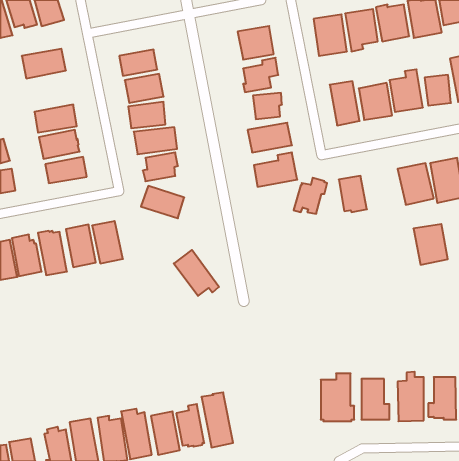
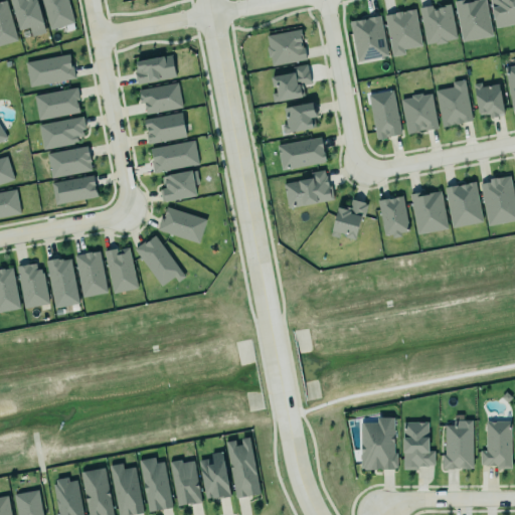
building: none -> [36,88,82,121]
building: [413,224,448,265] -> [411,190,450,235]
building: [174,250,219,296] -> [137,235,187,287]

